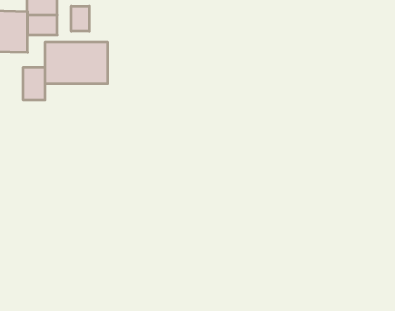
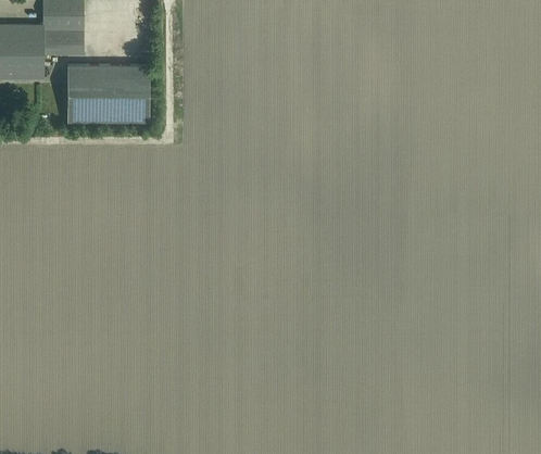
building: [71,6,89,31] -> none
building: [23,67,45,100] -> none

